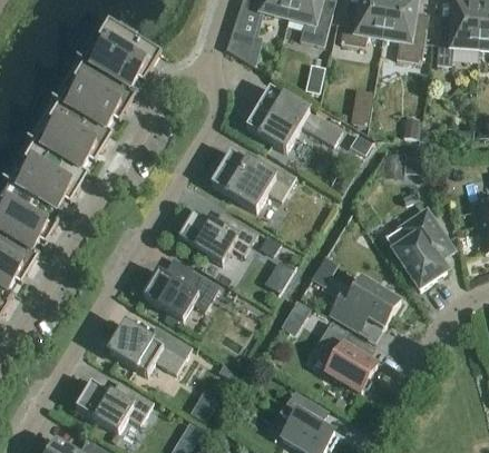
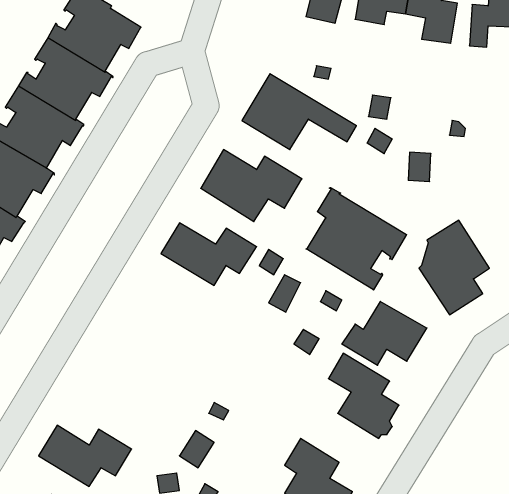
building: [227,31,260,63] -> none
building: none -> [306,188,407,290]
building: [143,269,218,325] -> none
building: [108,324,192,374] -> none

